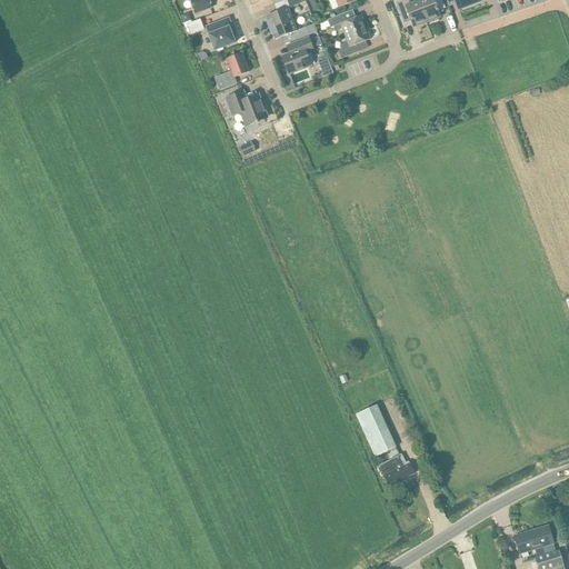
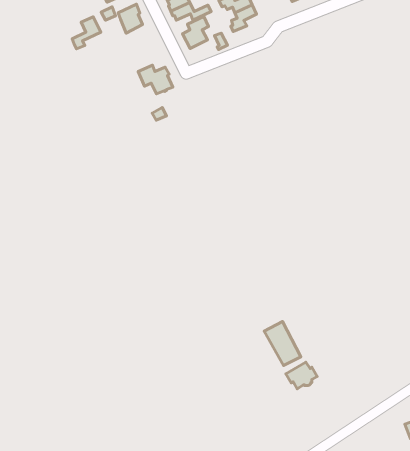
building: [214,51,249,88] -> [72,17,101,49]

